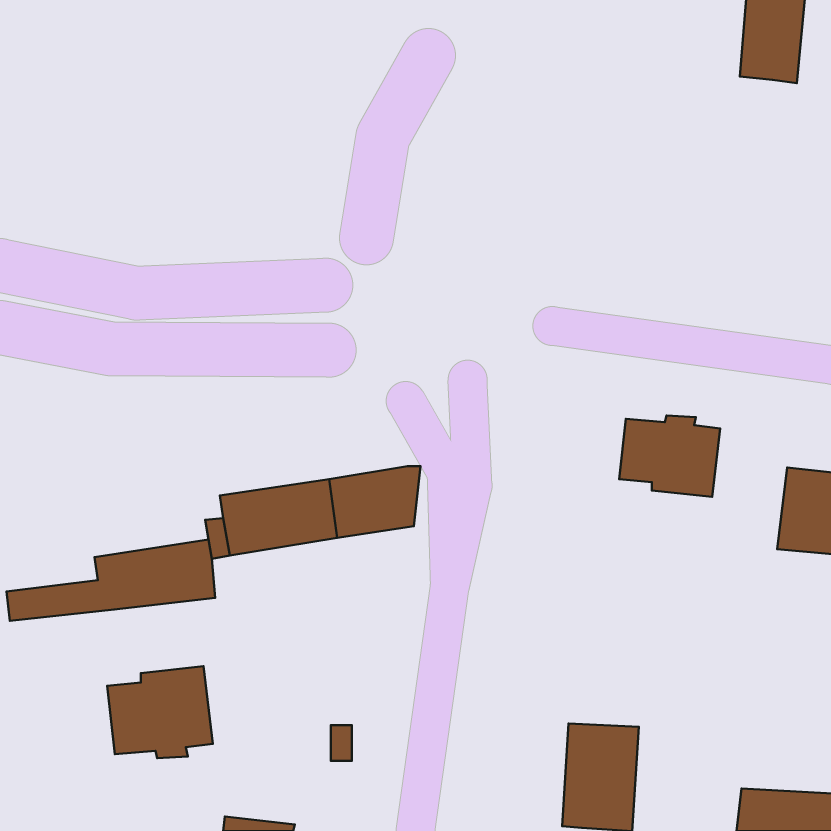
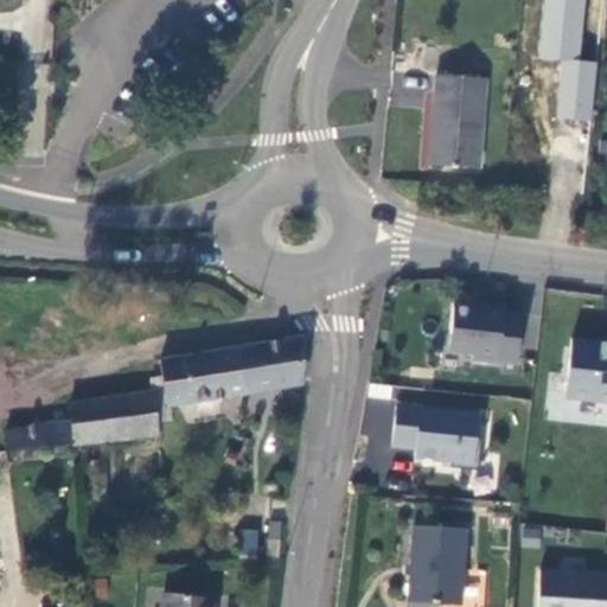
building: none -> [557,58,598,119]
building: none -> [430,75,487,170]
building: none -> [391,403,483,469]
building: [107,666,213,758] -> none

